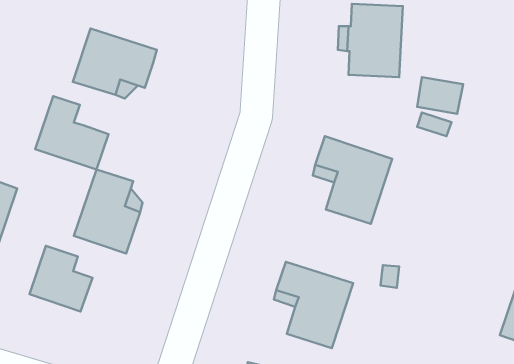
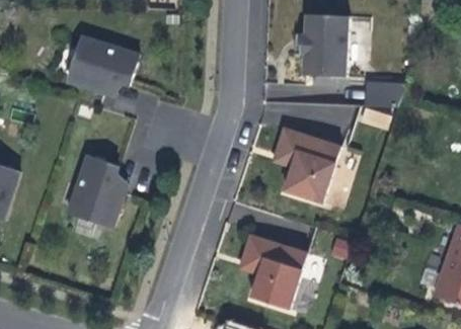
building: [35,96,108,169] -> none
building: none -> [317,101,350,142]
building: [29,246,92,312] -> none

